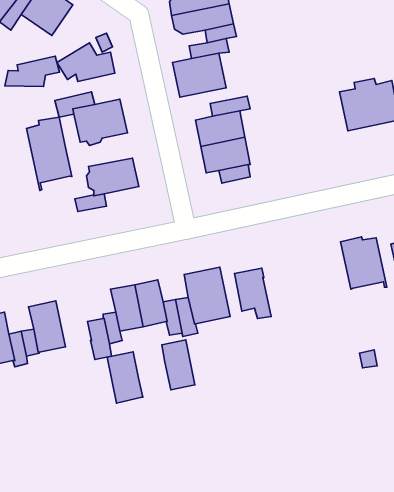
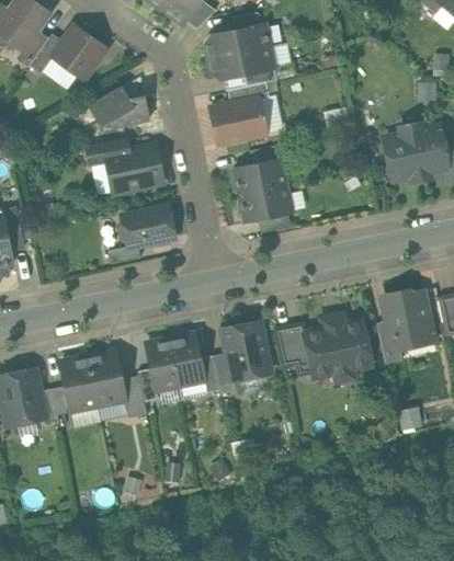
building: [5,56,60,87] -> none
building: [26,117,72,190] -> none
building: none -> [304,321,371,378]
building: none -> [376,321,401,363]
building: [162,340,195,390] -> none
building: [107,352,143,403] -> [88,352,125,405]

